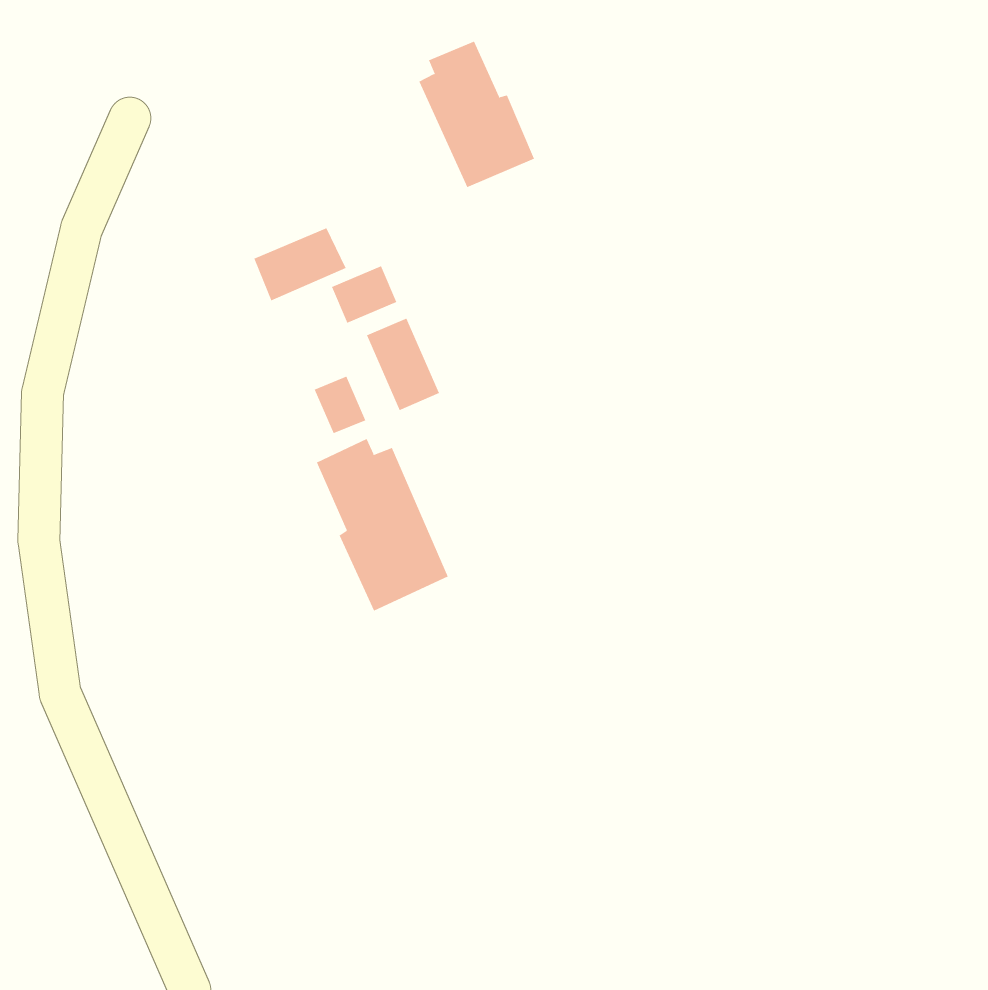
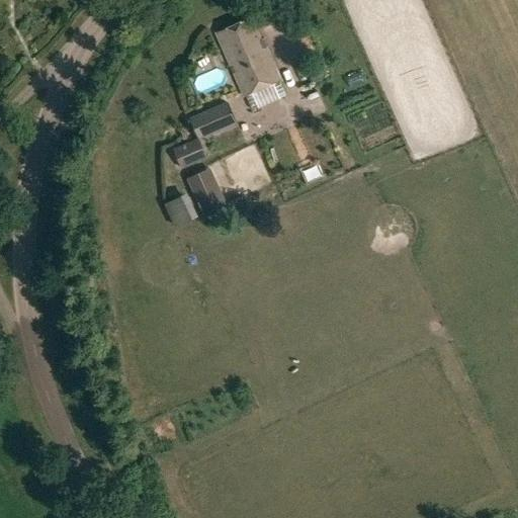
building: [253,228,346,301] -> [187,100,236,139]
building: [316,438,448,611] -> none

